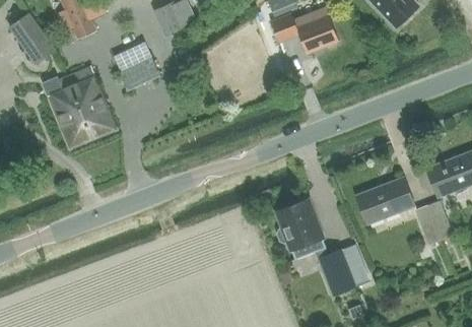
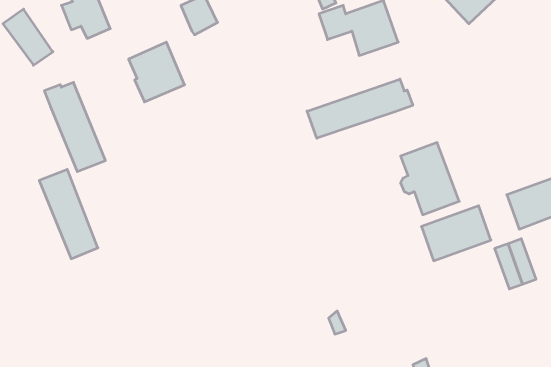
building: [67,66,116,140] -> [39,169,98,259]
building: none -> [307,79,413,138]
building: [277,199,326,259] -> [401,143,459,215]
building: [318,243,369,295] -> none

